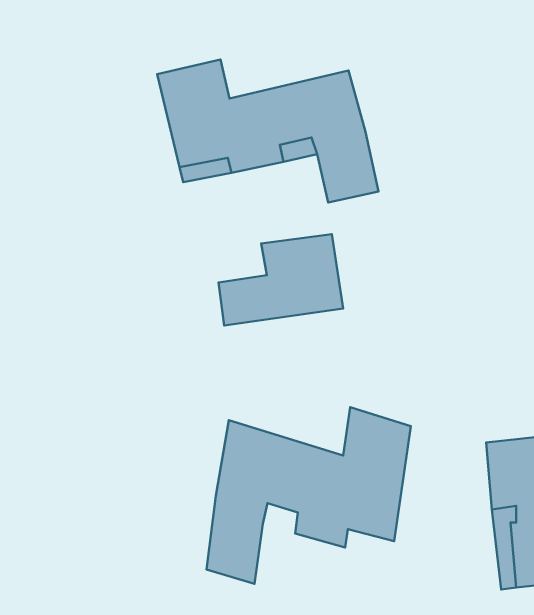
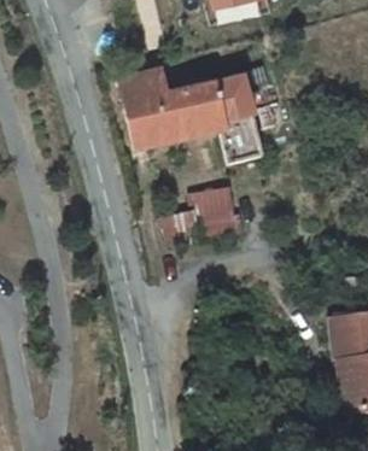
building: [206,407,411,584] -> none

